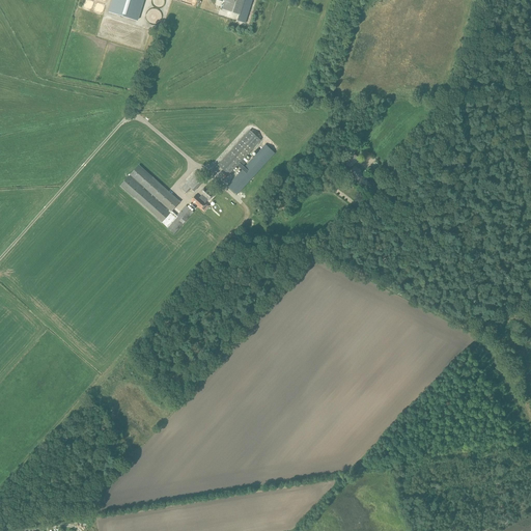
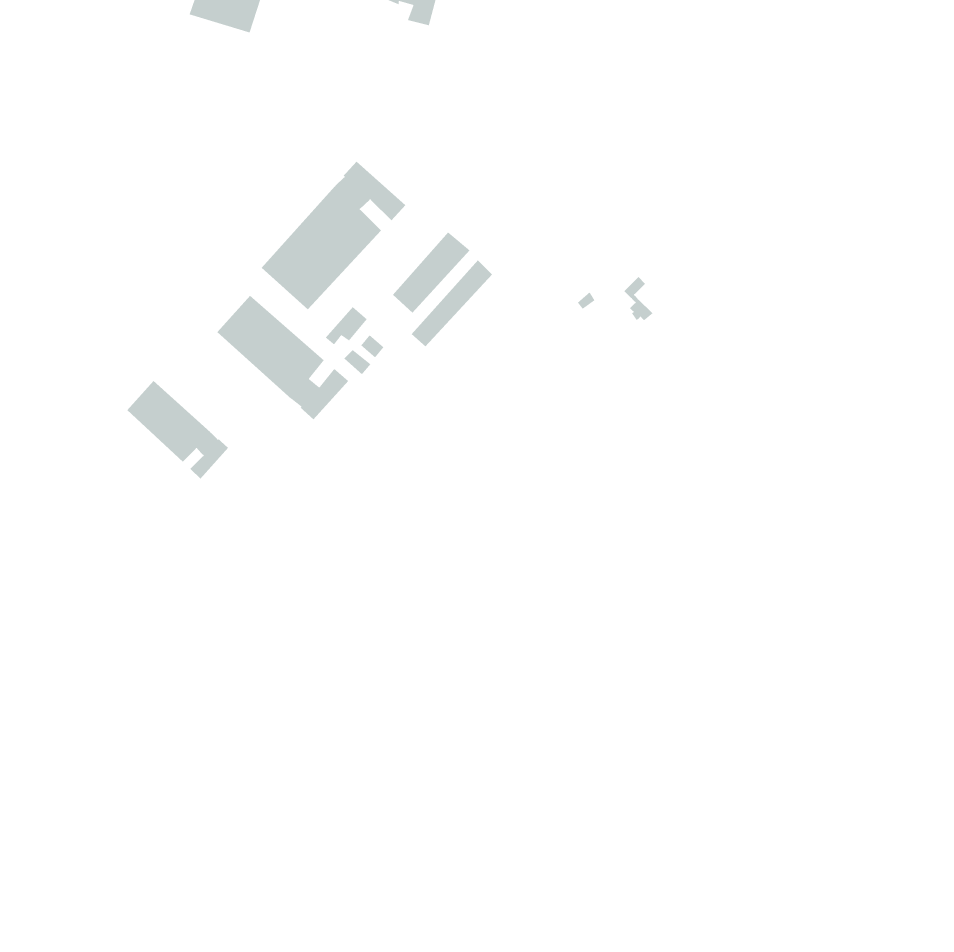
building: none -> [261,161,406,310]
building: none -> [126,380,229,479]

